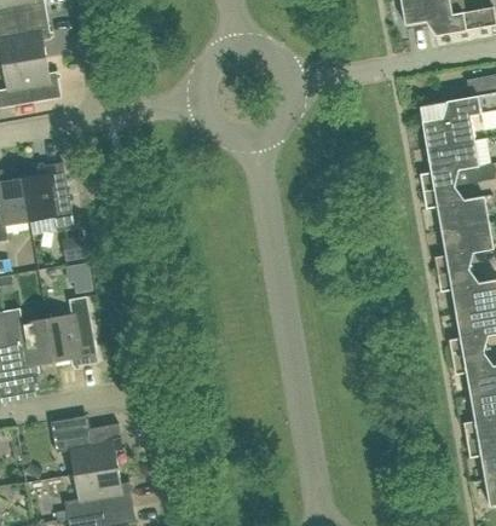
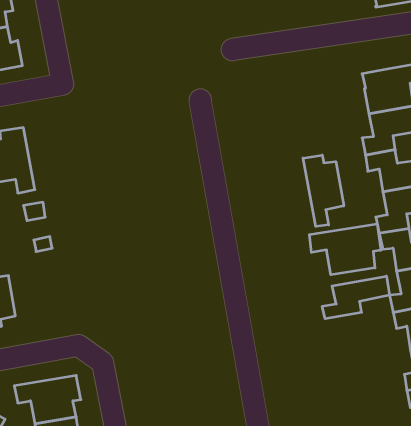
building: none -> [303,155,344,226]
building: none -> [309,224,381,275]
building: [46,296,97,366] -> none
building: none -> [322,276,390,319]

